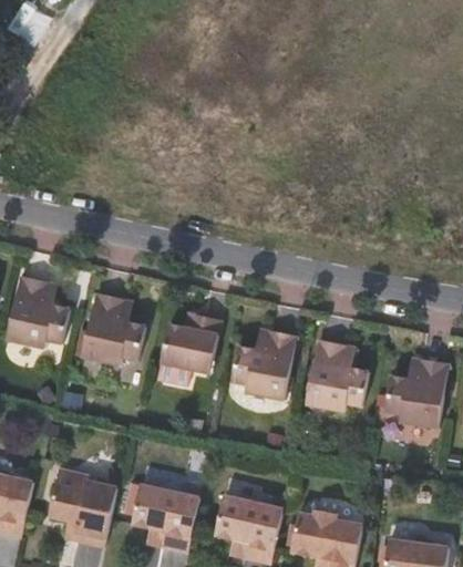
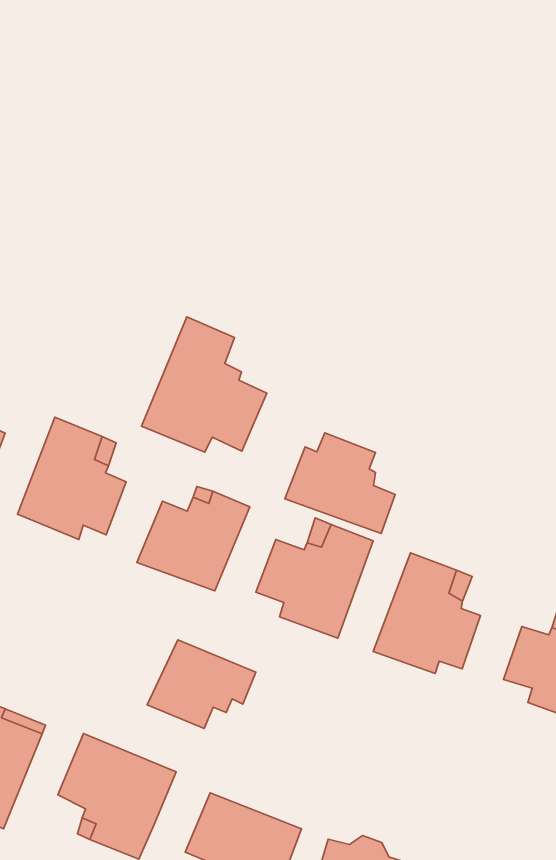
building: none -> [141,317,267,452]
building: none -> [285,433,395,533]
building: none -> [147,640,256,728]

